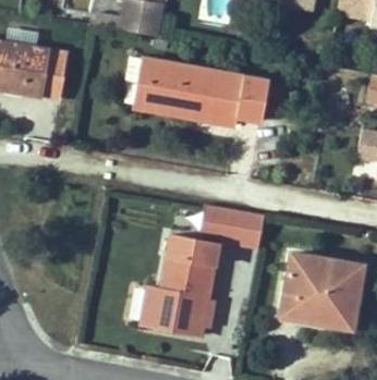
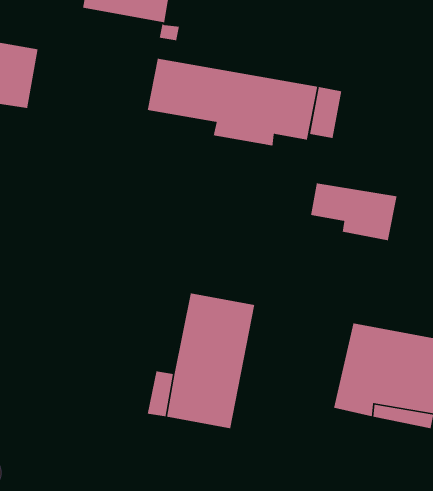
building: [126,57,194,118] -> none
building: [204,201,267,244] -> [310,182,398,241]

